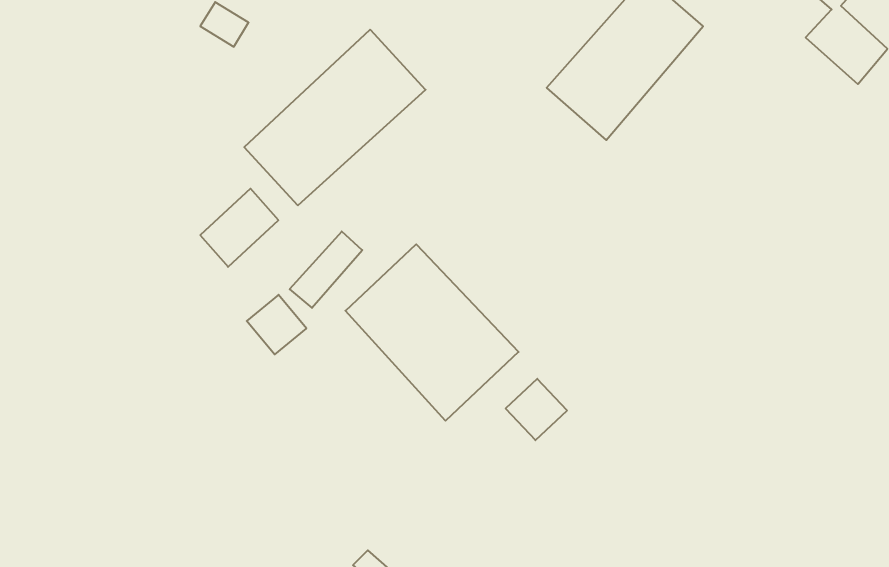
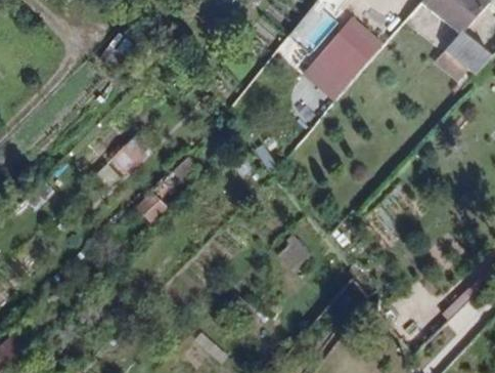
building: [244,30,426,205] -> none
building: [345,244,519,421] -> none

